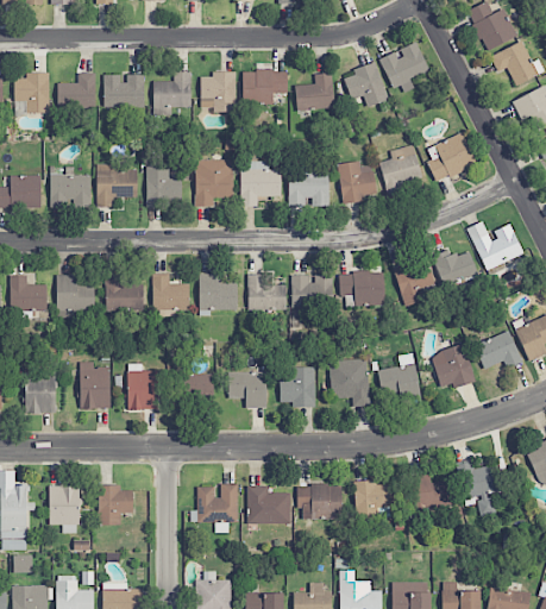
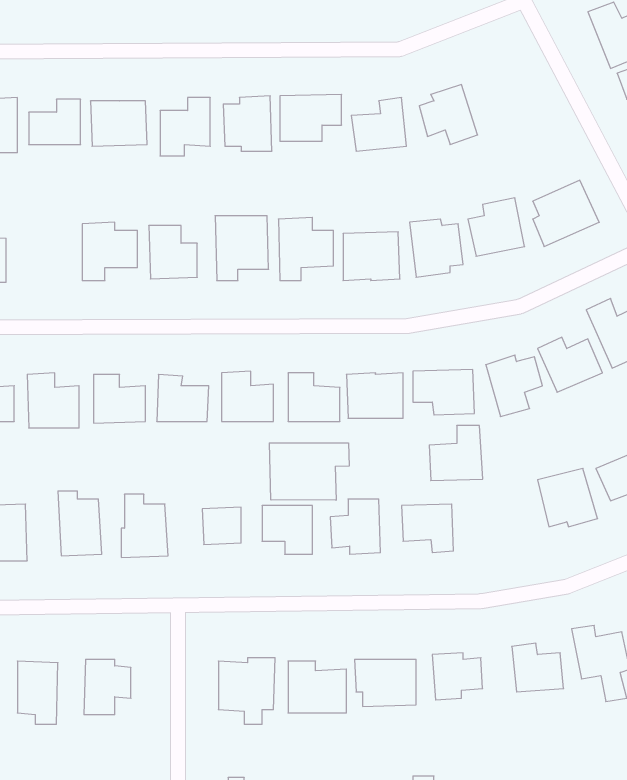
building: [378,42,428,93] -> none
building: [50,167,90,208] -> none
building: none -> [269,443,349,500]
building: [378,354,418,395] -> [429,426,483,481]

